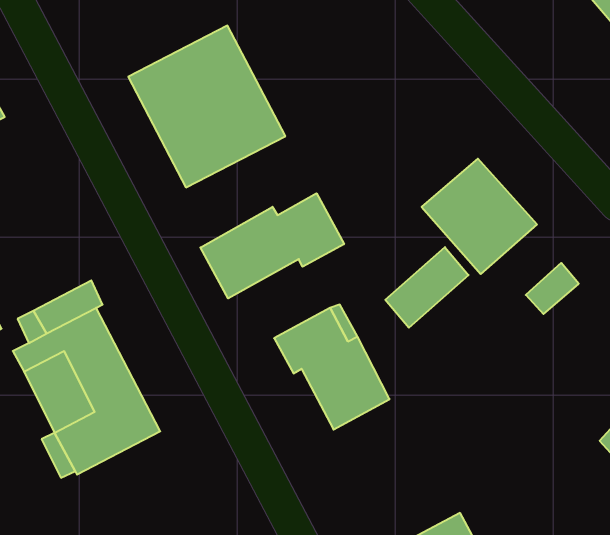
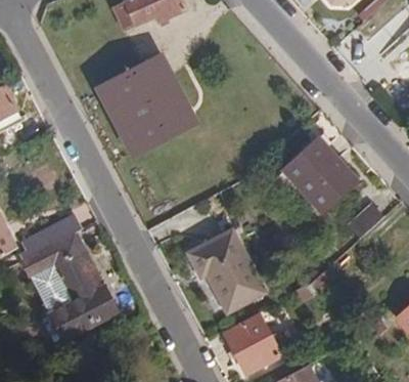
building: [200,193,344,298] -> none
building: [385,247,469,328] -> none
building: none -> [224,314,280,374]

